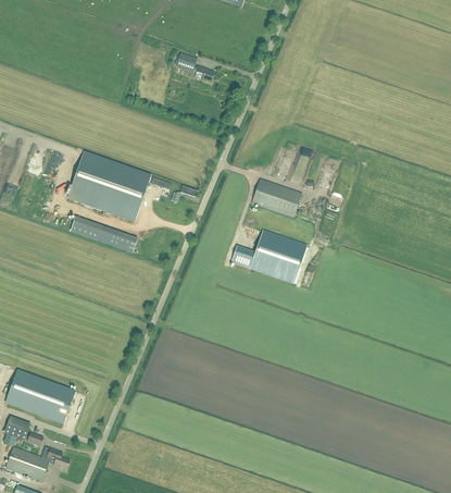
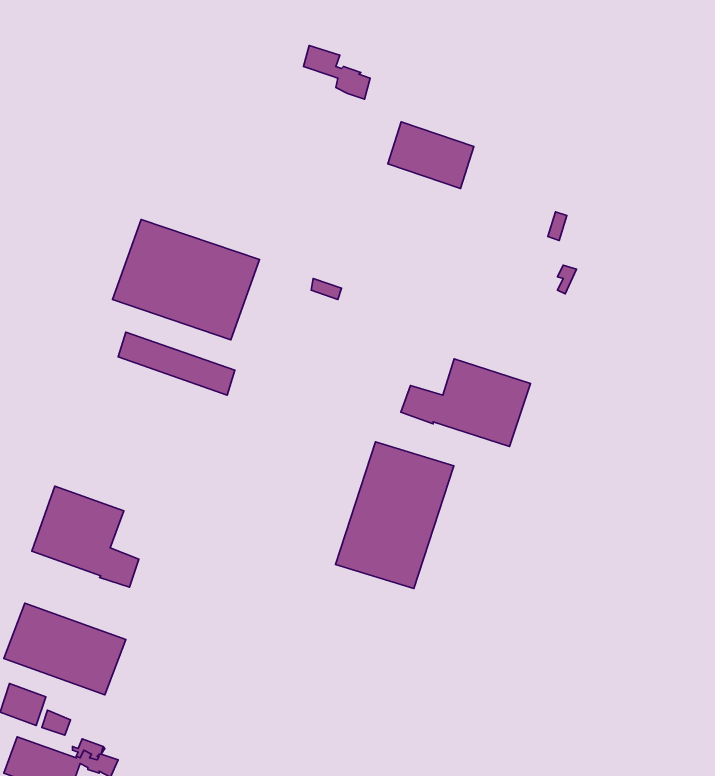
building: [251,178,300,217] -> [388,122,474,189]
building: none -> [335,442,454,589]
building: none -> [32,486,139,587]

